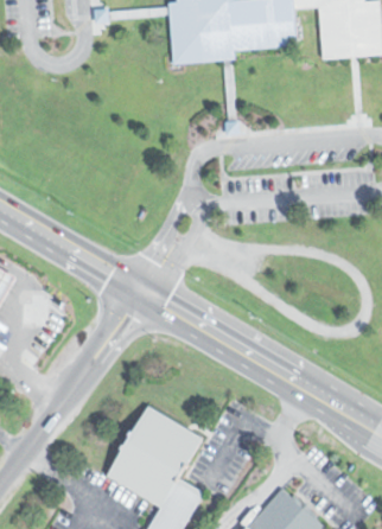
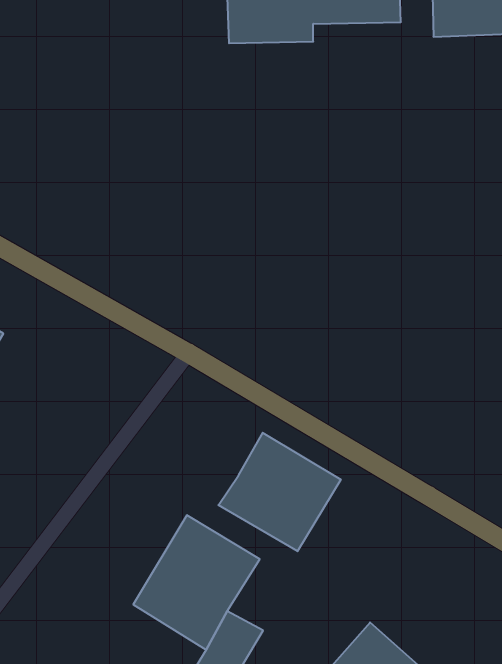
building: none -> [218,433,341,551]

